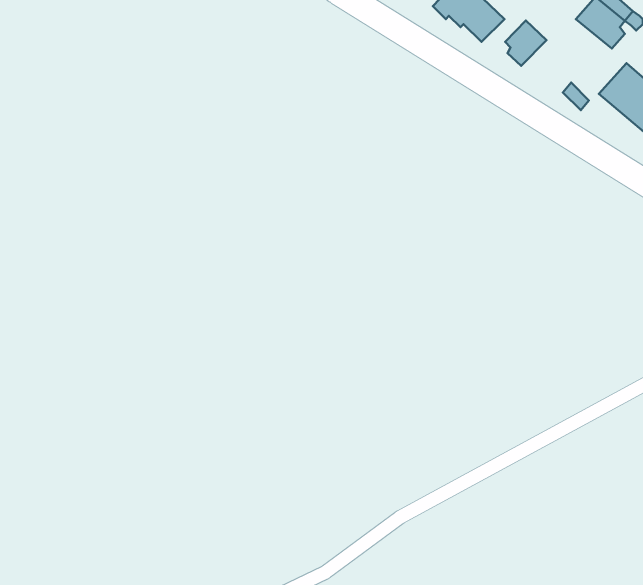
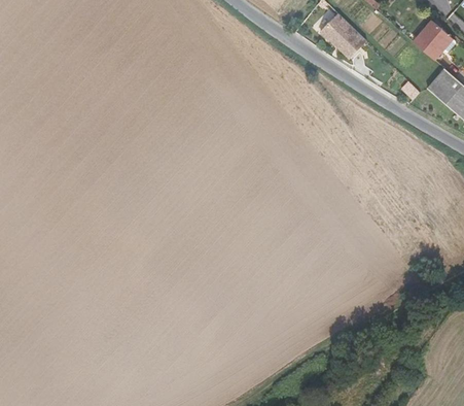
building: [505,21,546,66] -> none

